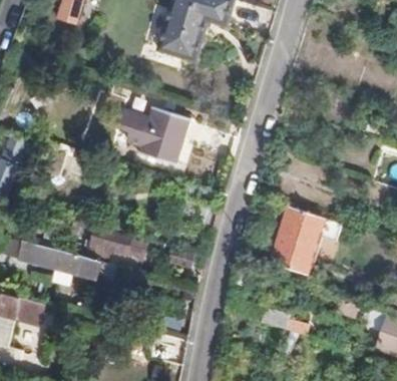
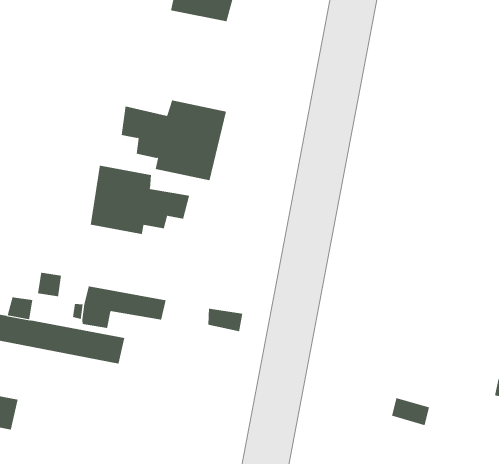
building: none -> [90,165,190,235]
building: [272,209,341,276] -> none

